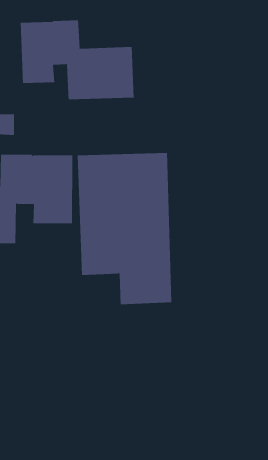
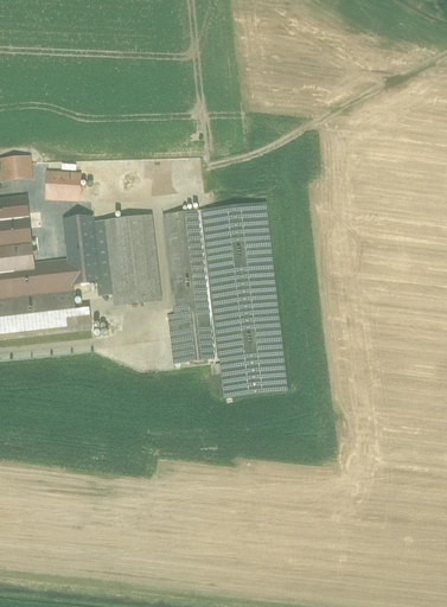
building: [20,20,134,100] -> none

